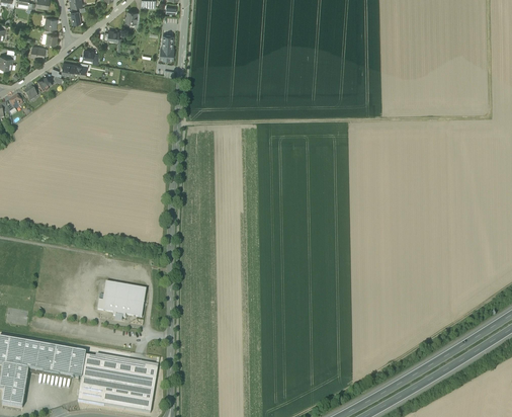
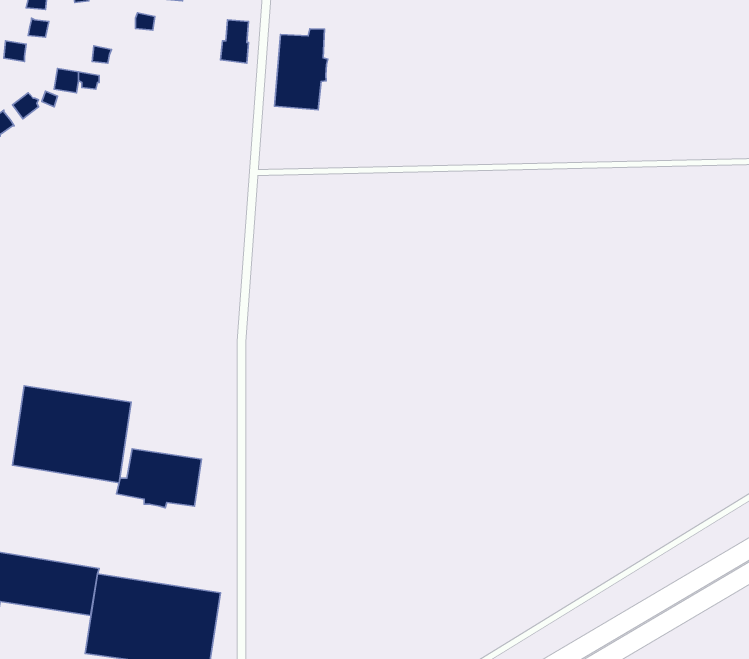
building: none -> [275,29,328,110]
building: none -> [12,386,131,483]

